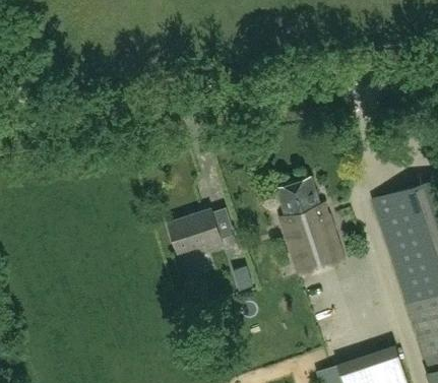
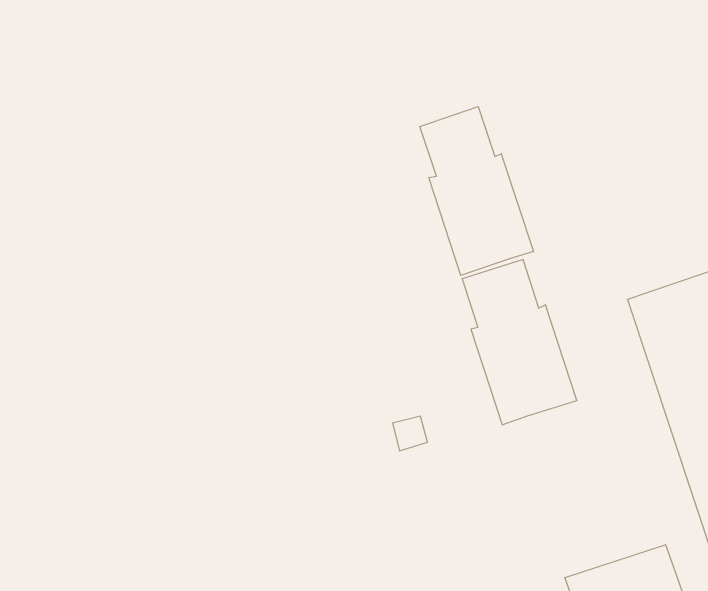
building: none -> [420,107,533,275]
building: [168,209,234,251] -> none

